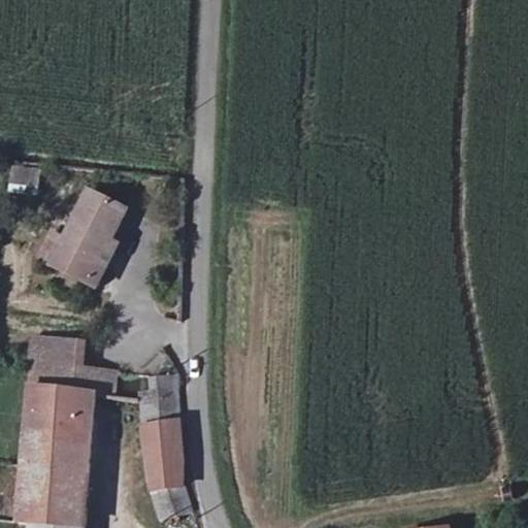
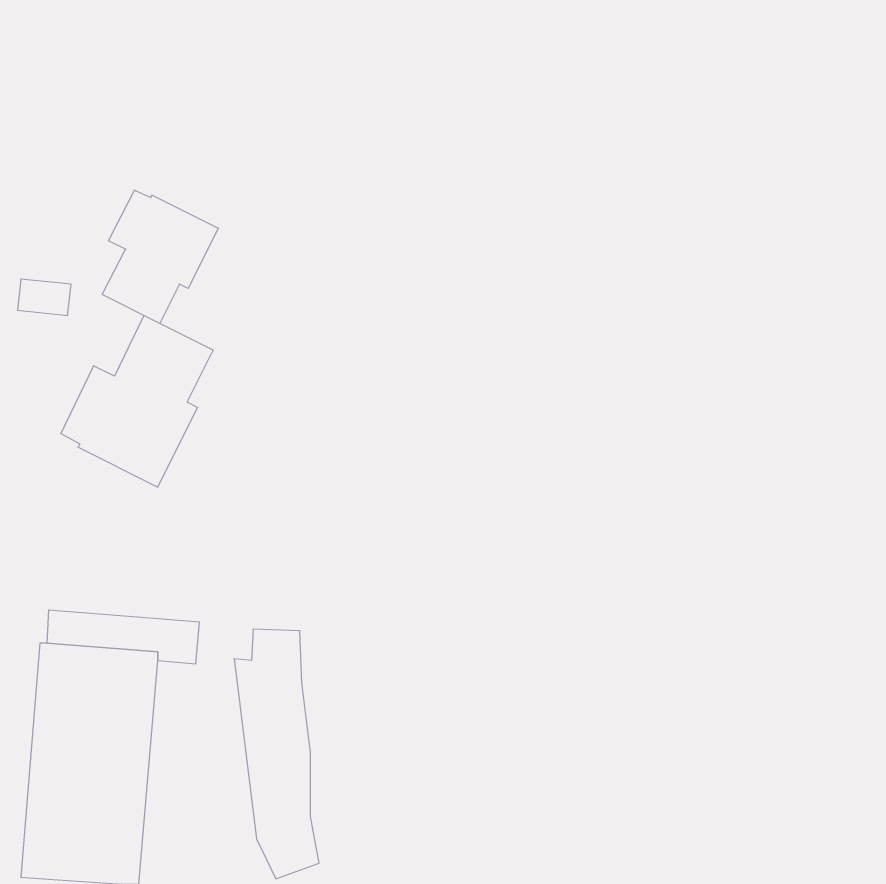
building: none -> [102,190,218,323]
building: [29,337,84,367] -> none

